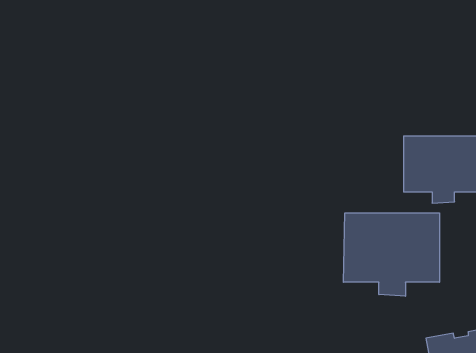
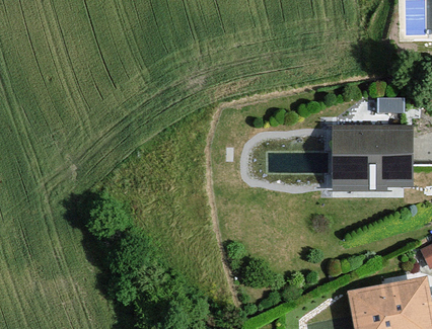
building: [343,213,439,296] -> none

